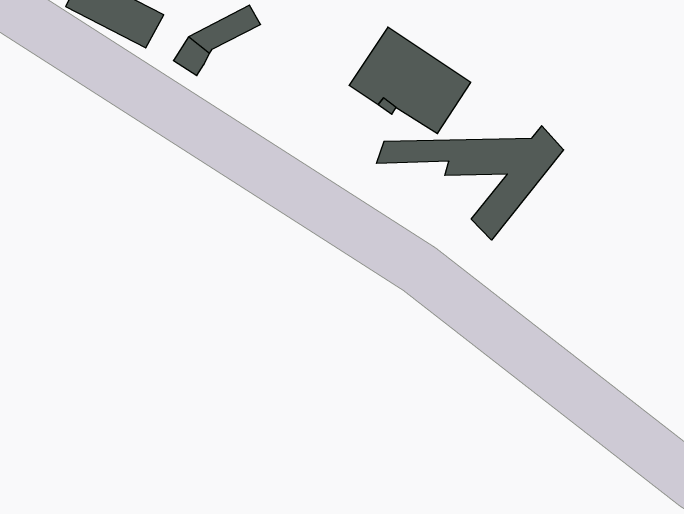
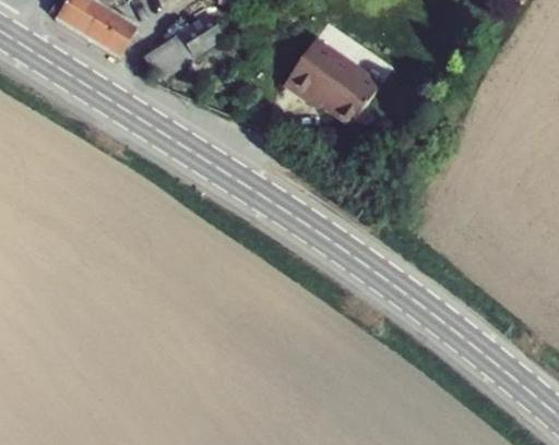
building: [377,126,564,240] -> none

